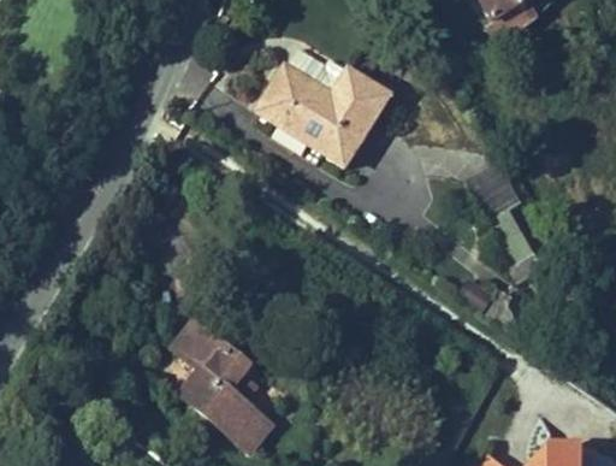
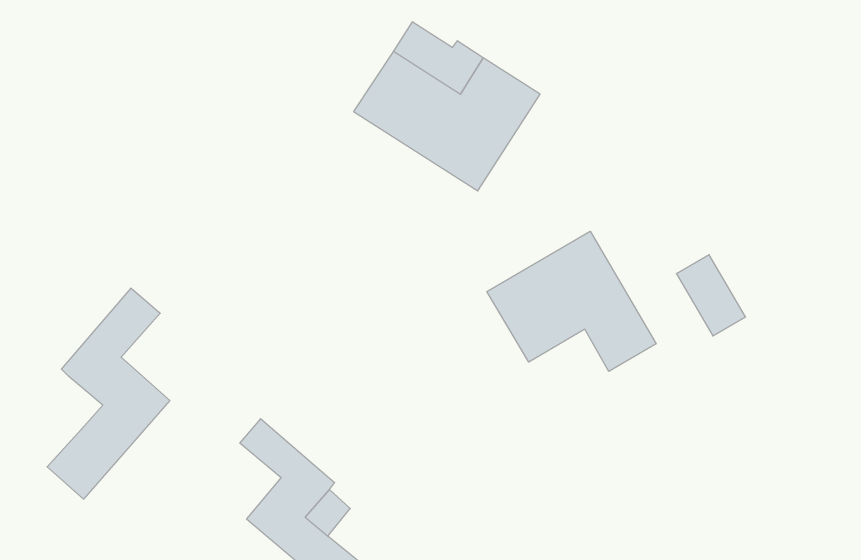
building: none -> [487,231,656,371]
building: none -> [47,288,170,499]

